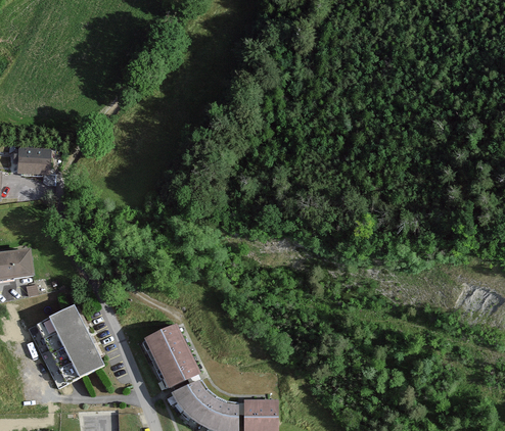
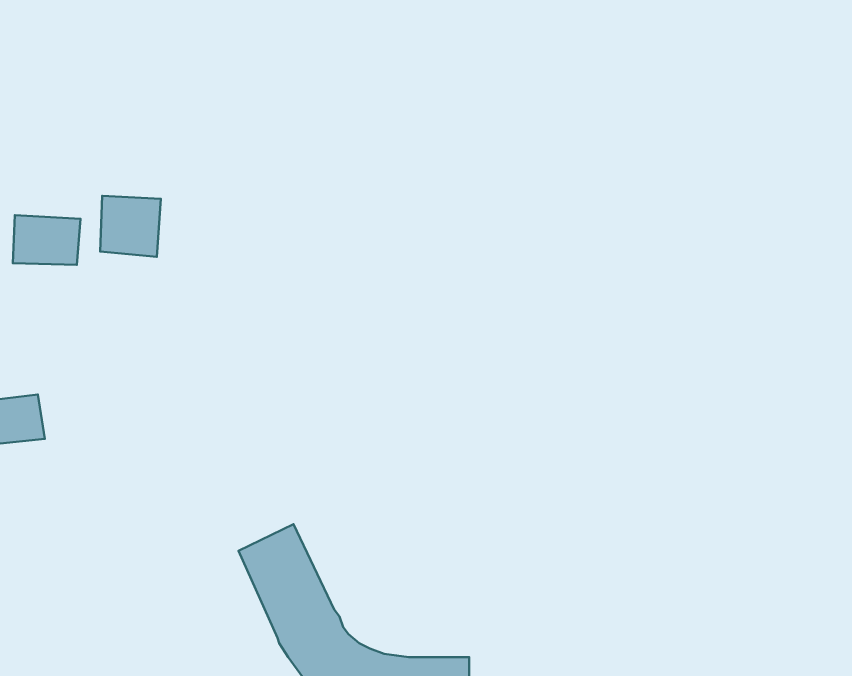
building: none -> [100,196,161,257]
building: [32,307,104,387] -> none

